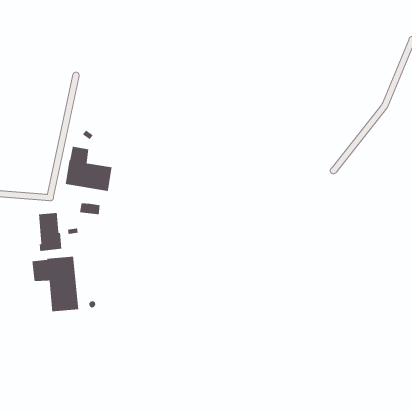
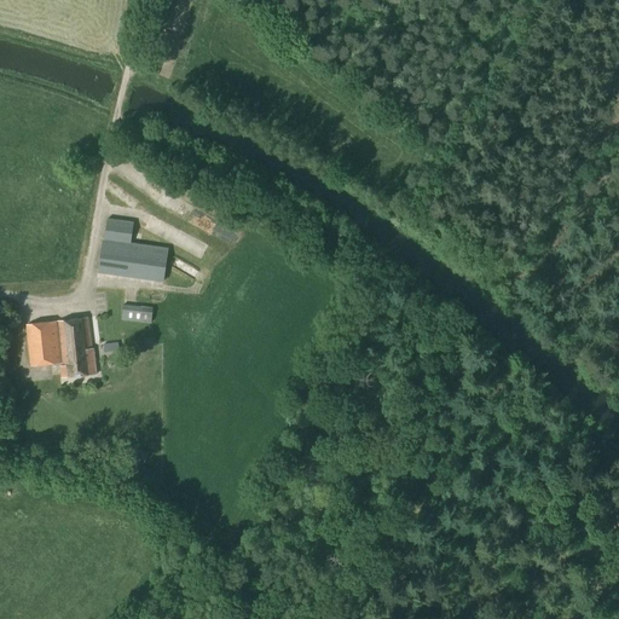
building: none -> [24,319,59,364]
building: [31,256,79,312] -> none

